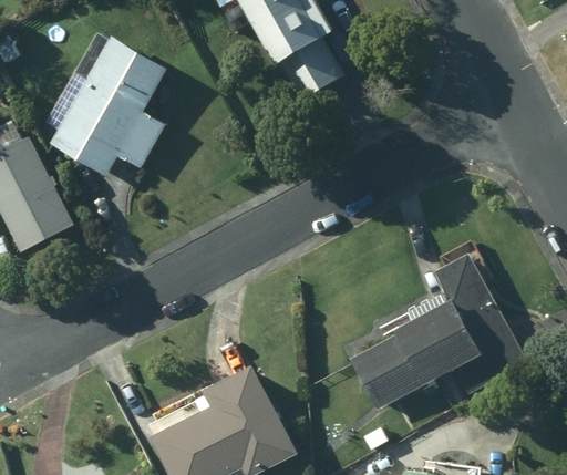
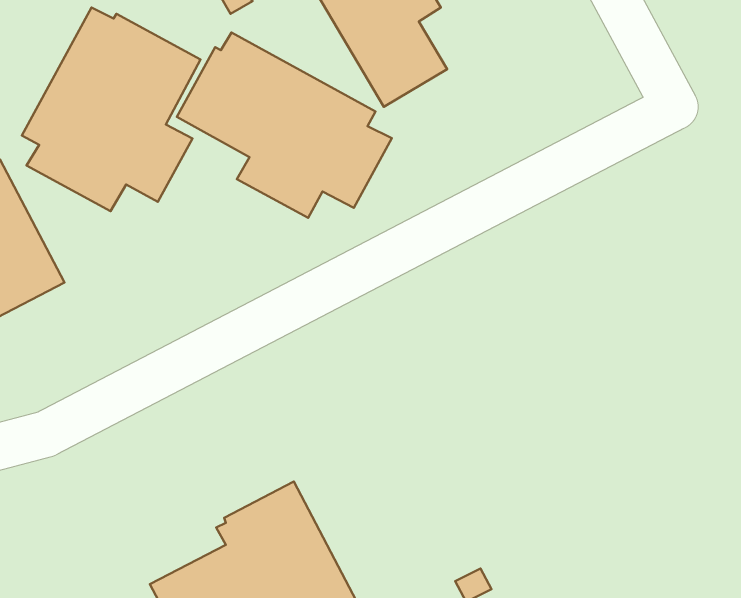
building: none -> [177,32,392,218]
building: [340,255,518,411] -> none

